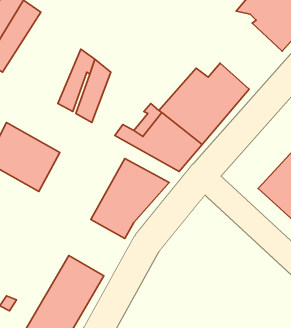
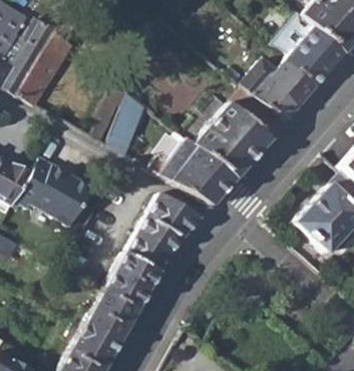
building: none -> [242,57,317,123]
building: none -> [89,254,159,310]

